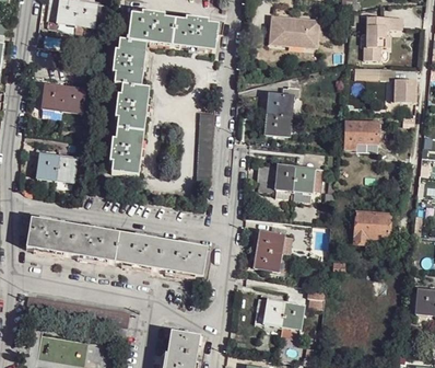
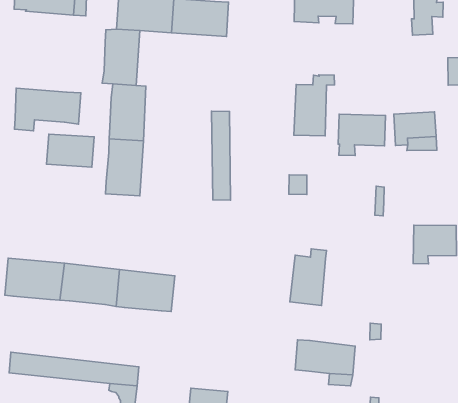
building: [37,153,77,182] -> [46,134,94,167]
building: [275,164,315,198] -> [338,114,386,156]
building: [158,241,208,277] -> none

